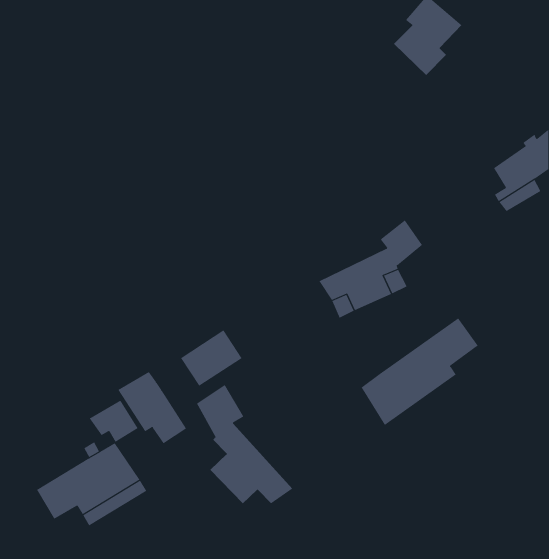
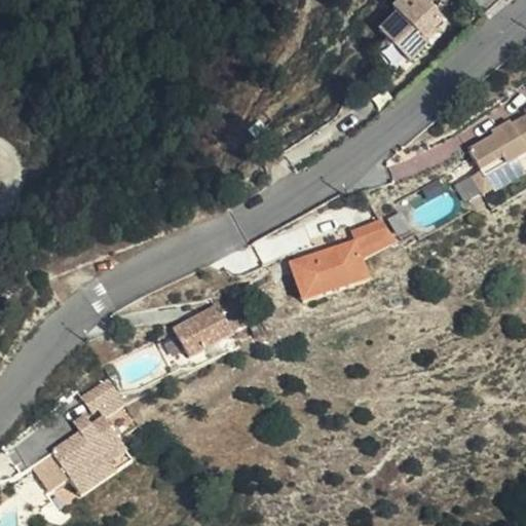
building: [361,318,479,426] -> none
building: [117,371,187,444] -> none
building: [196,384,293,504] -> none

